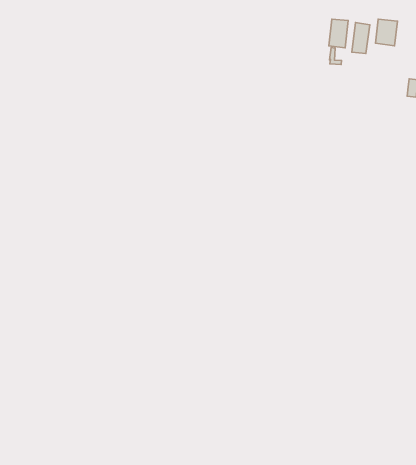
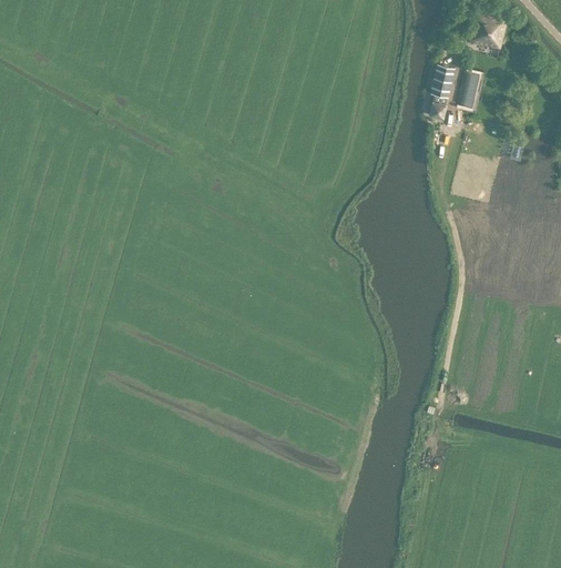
building: [375,19,397,46] -> none

